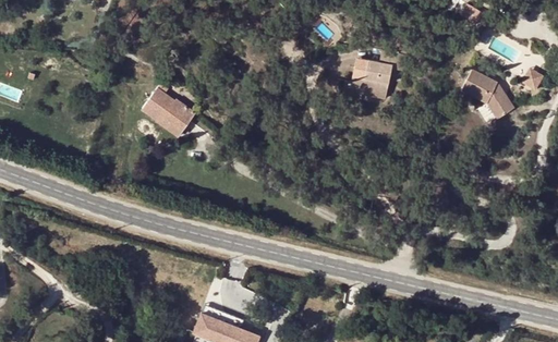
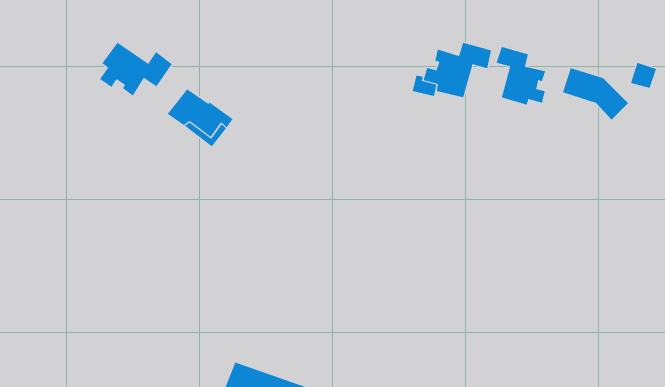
building: none -> [99,42,173,96]
building: none -> [496,46,546,106]

